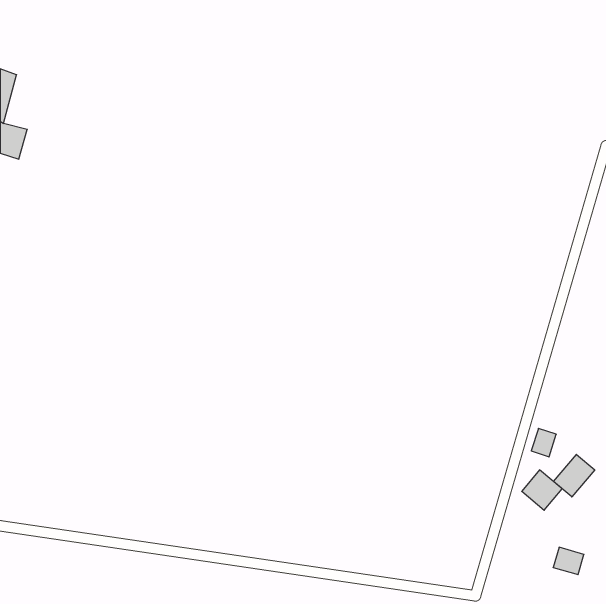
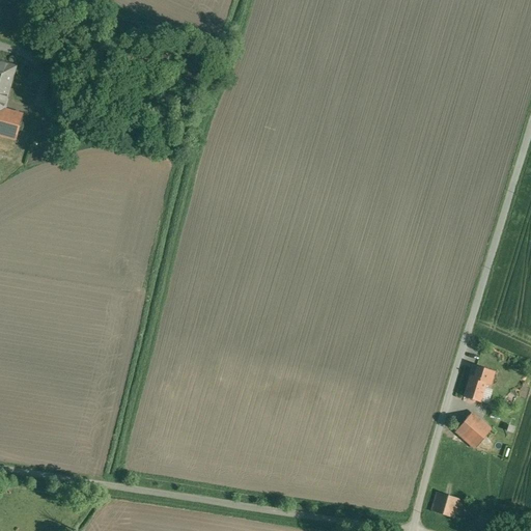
building: [554,454,595,497] -> none
building: [553,547,584,575] -> [431,493,458,516]

